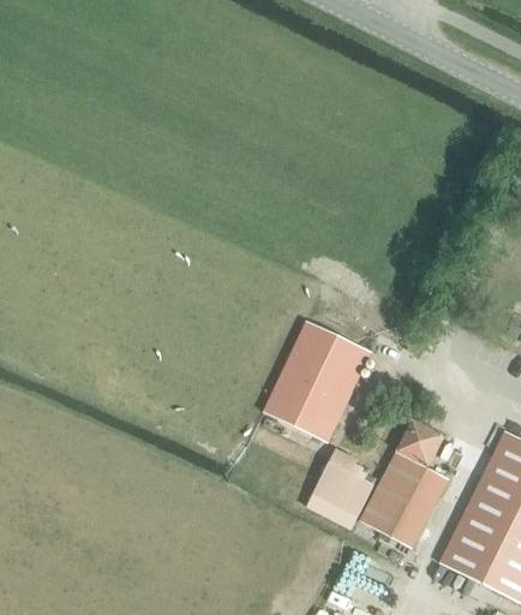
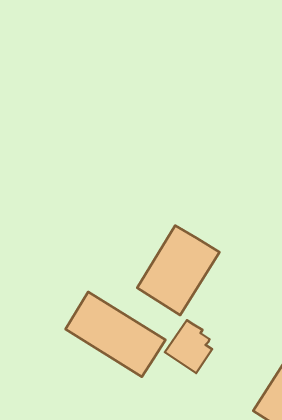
building: [359,420,450,550] -> none
building: none -> [66,292,166,377]

